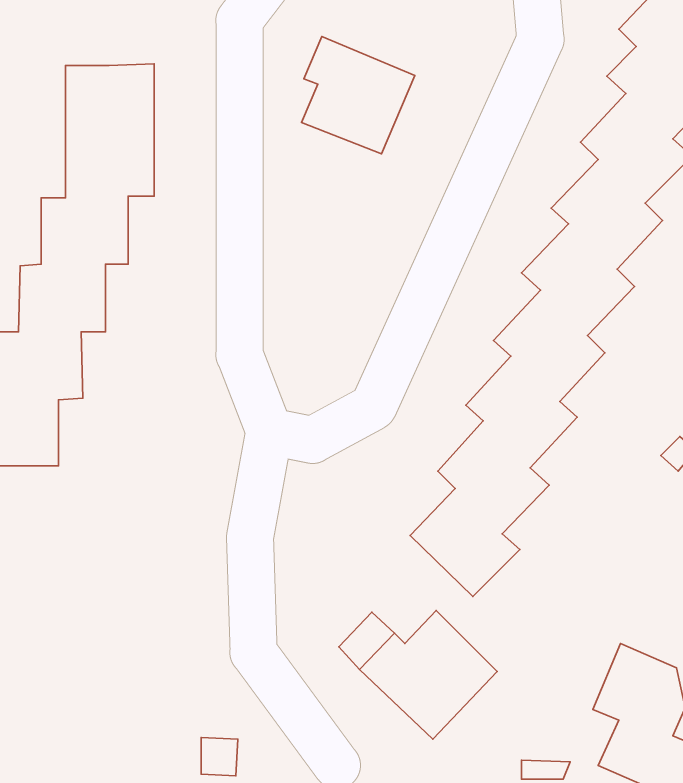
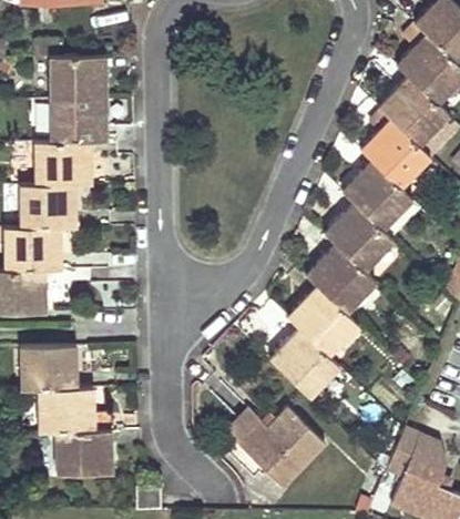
building: [302,36,415,154] -> none
building: none -> [20,349,111,476]

